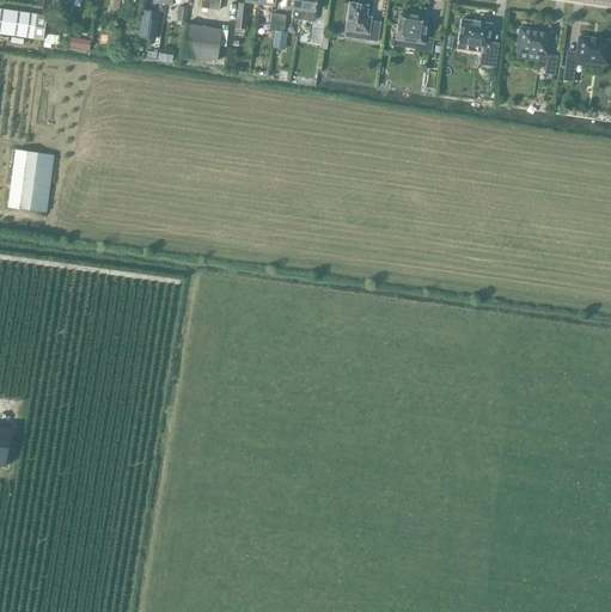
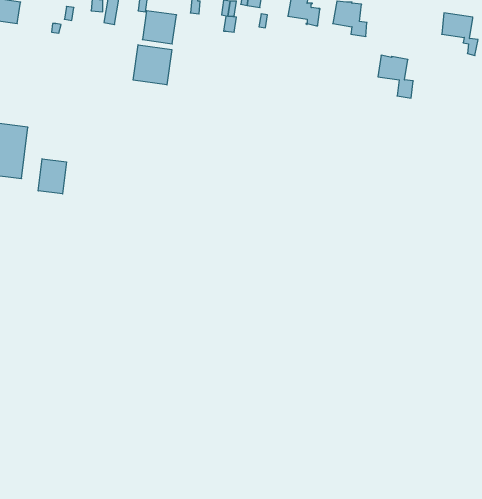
building: [458,18,497,66] -> [378,55,413,98]
building: none -> [133,45,172,85]
building: none -> [38,159,66,194]

